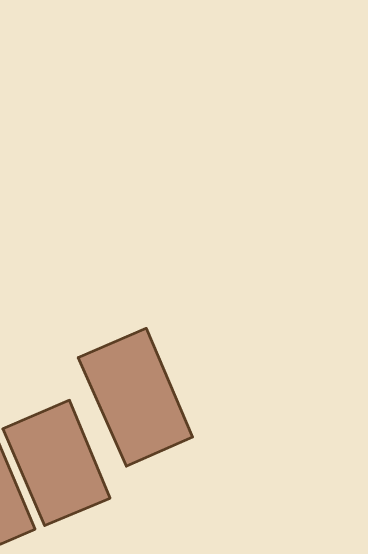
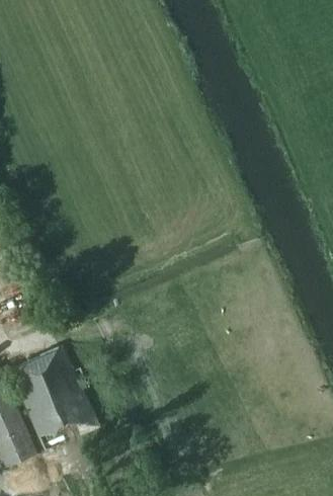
building: [78,328,193,466] -> none

